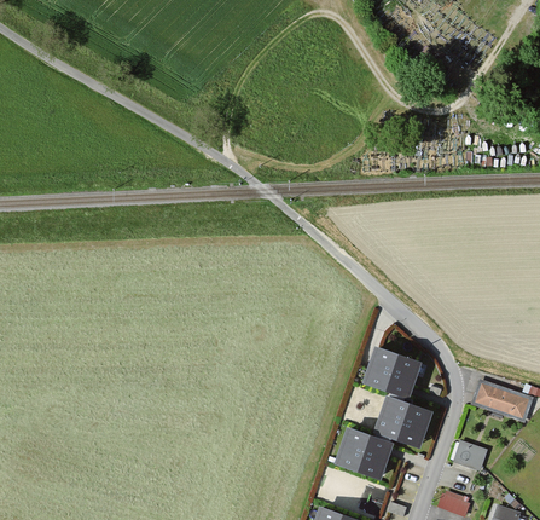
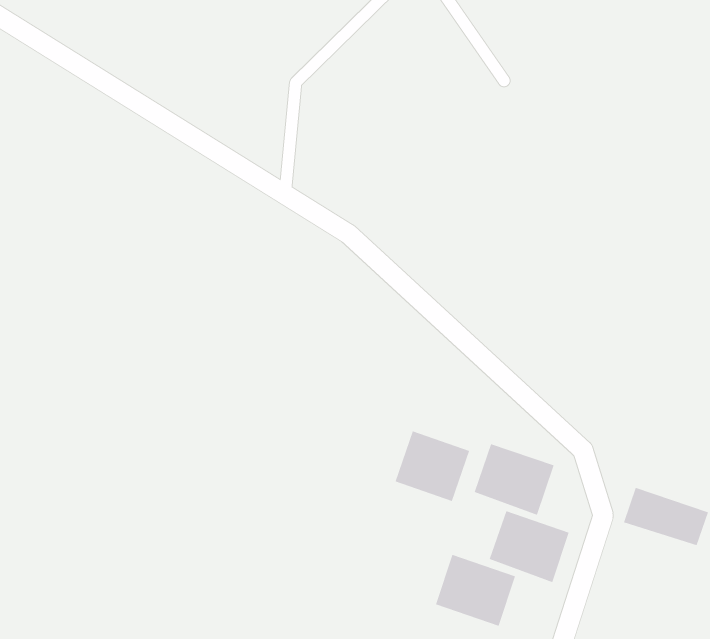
building: none -> [395,431,470,502]
building: [454,441,487,470] -> none

